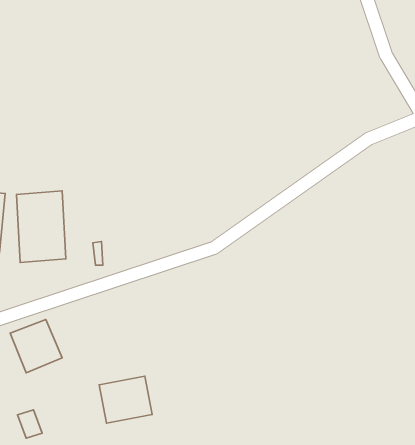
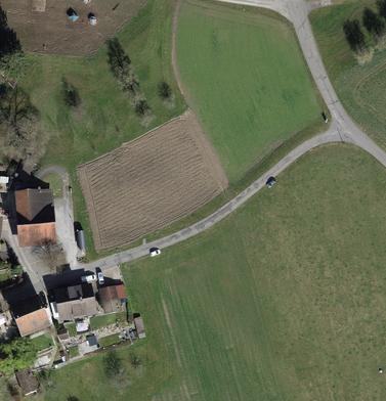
building: none -> [99,284,120,312]
building: [99,376,152,423] -> [54,282,98,321]

